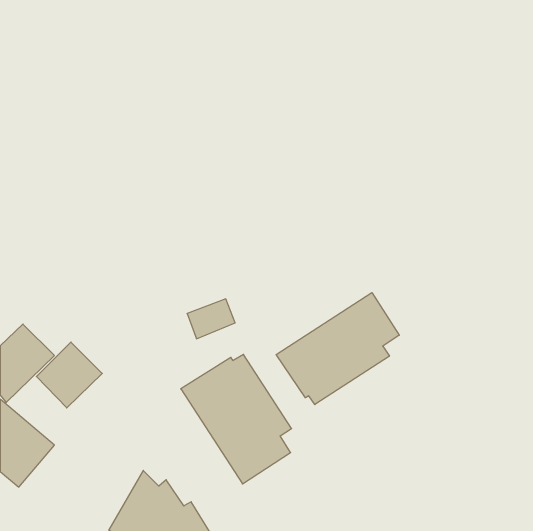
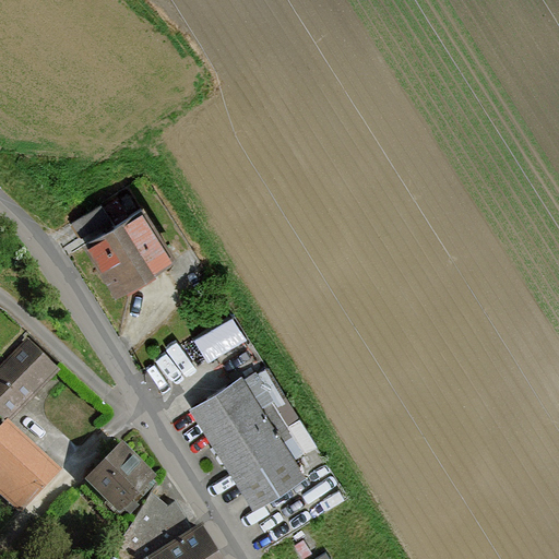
building: none -> [80,207,170,297]
building: [276,293,399,405] -> none
building: [36,342,102,408] -> [87,444,156,513]

